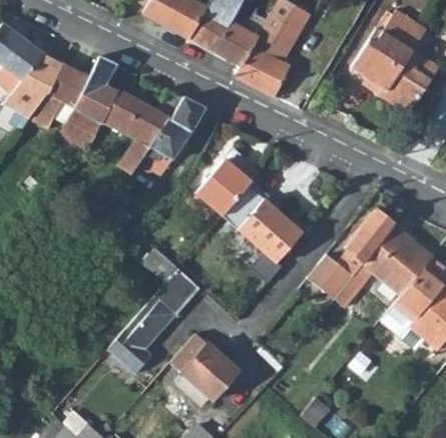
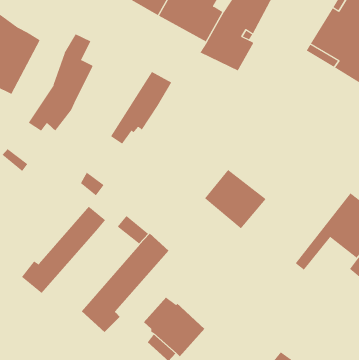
building: [33,62,88,128] -> none
building: [102,87,181,177] -> none
building: [194,150,259,217] -> none
building: [308,210,393,301] -> none
building: none -> [21,206,106,294]

